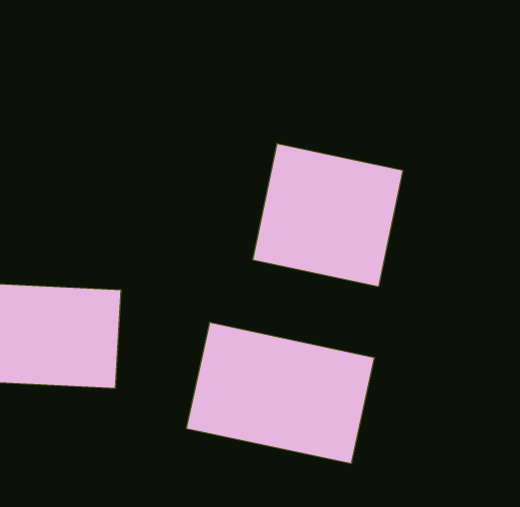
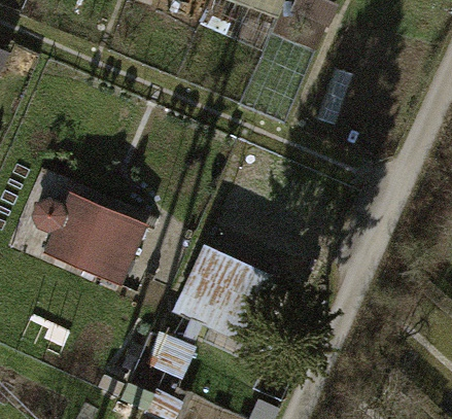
building: [253,143,403,287] -> none

